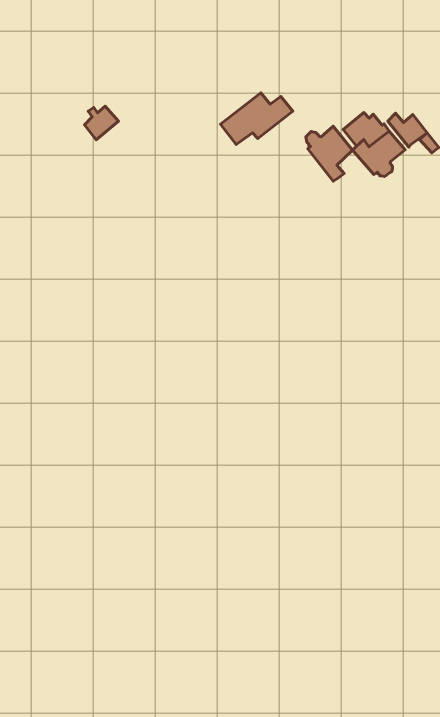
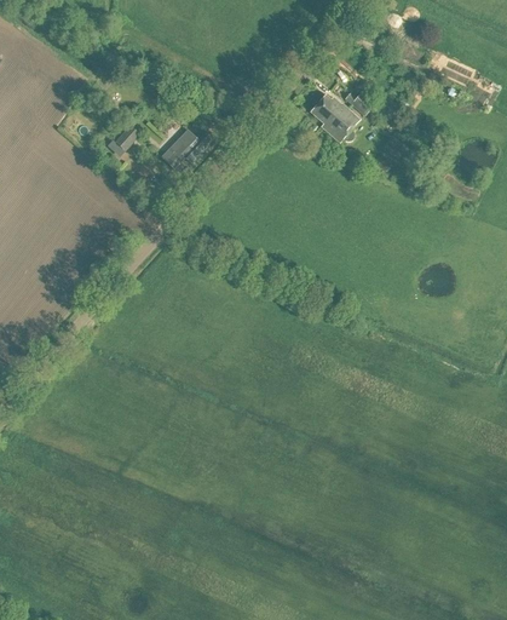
building: [220,93,293,144] -> [159,130,212,172]
building: [306,126,352,181] -> none

